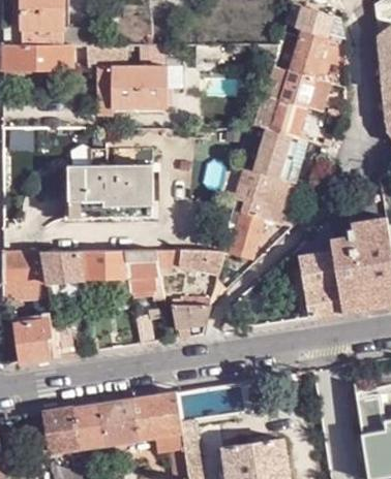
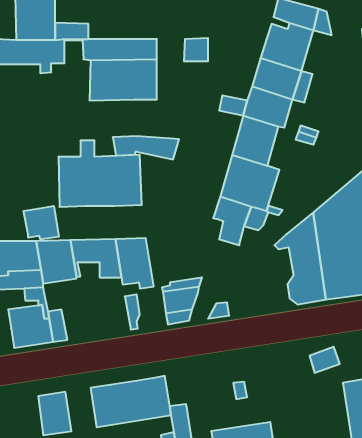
building: none -> [24,206,59,239]
building: [155,249,223,273] -> [113,136,179,159]
building: [72,404,104,448] -> none

